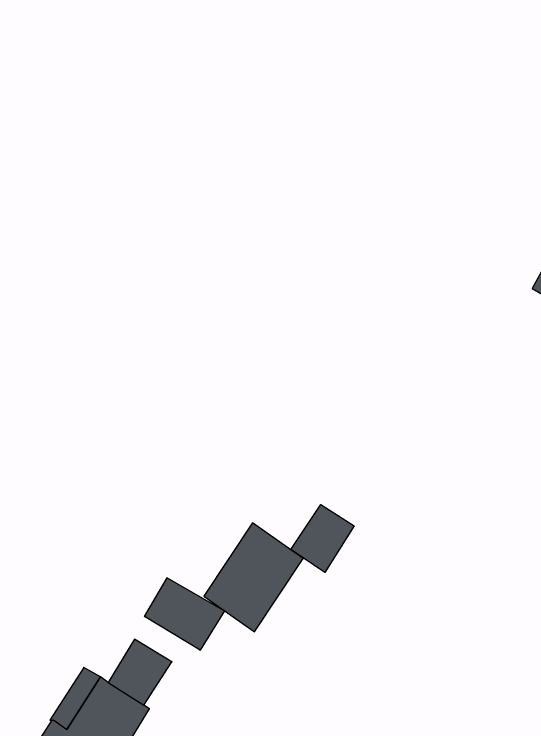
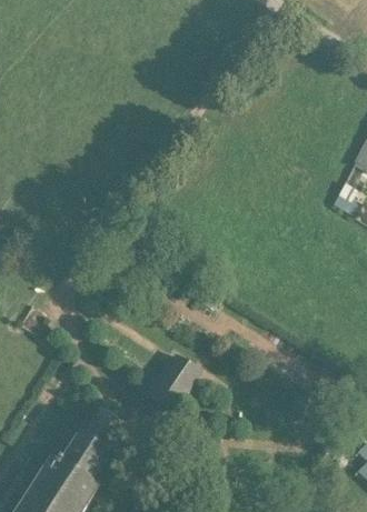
building: [291,505,354,572] -> none
building: [145,578,225,650] -> none

